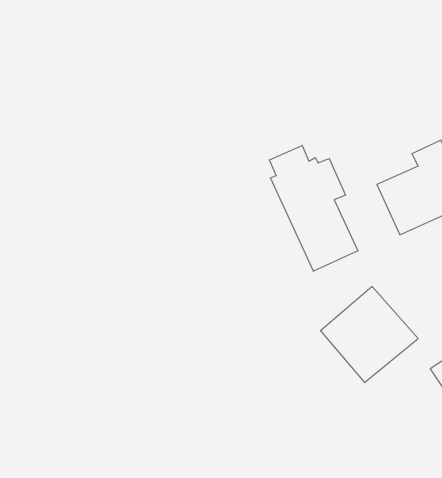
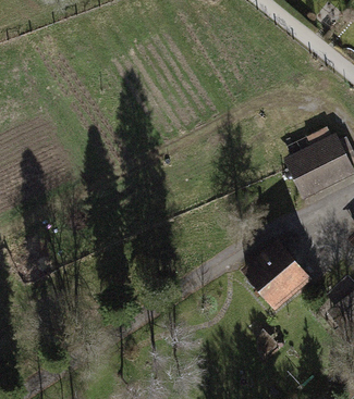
building: [270,145,358,271] -> none

